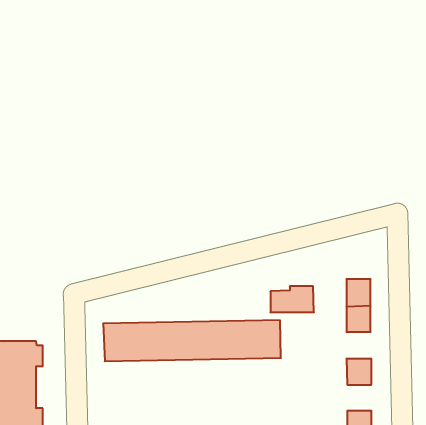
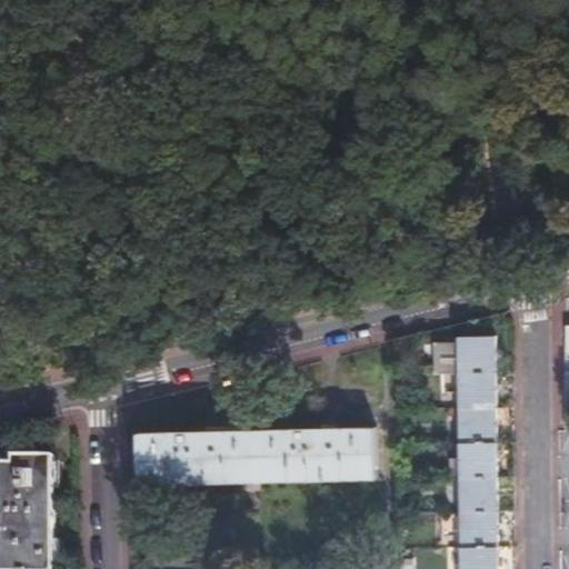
building: [270,286,314,312] -> [433,340,491,375]
building: none -> [459,445,492,480]
building: none -> [460,515,492,549]

